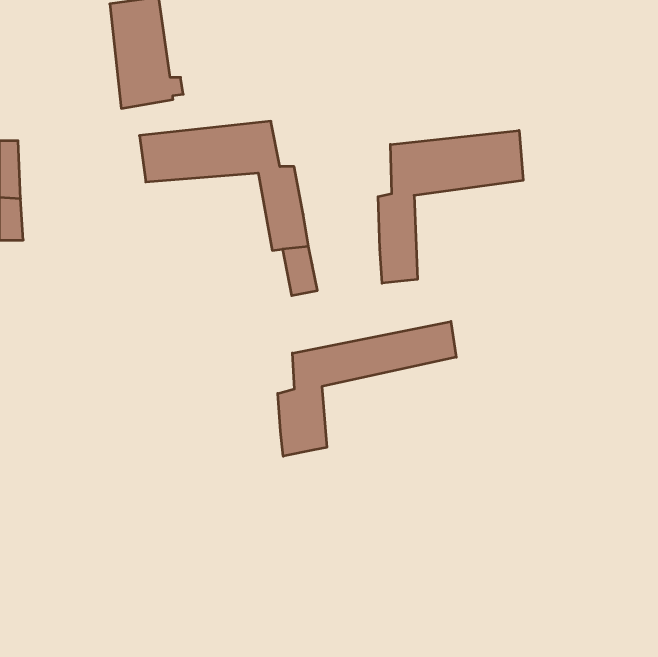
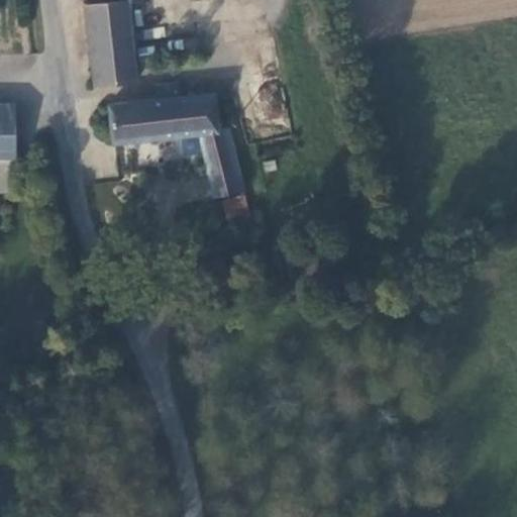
building: [378,130,523,283] -> none
building: [278,321,456,456] -> none

